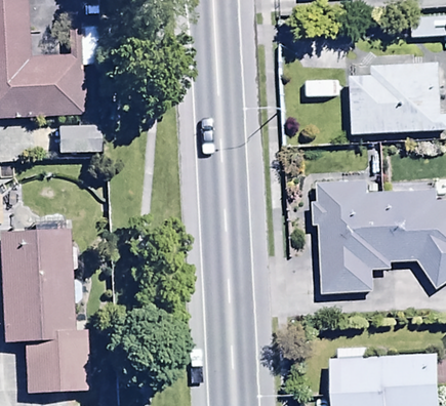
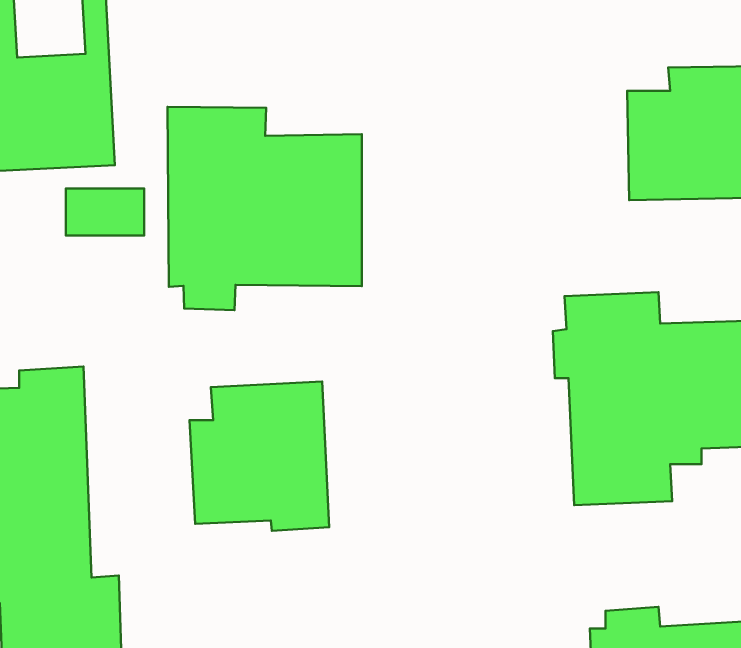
building: none -> [168,107,362,310]
building: none -> [189,381,329,531]

